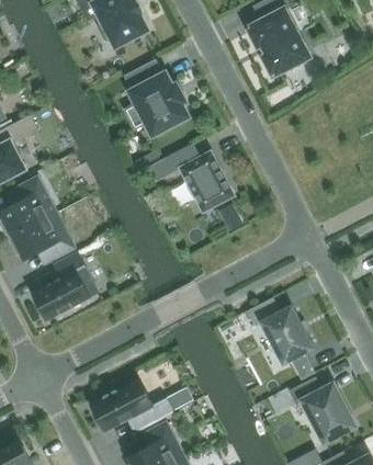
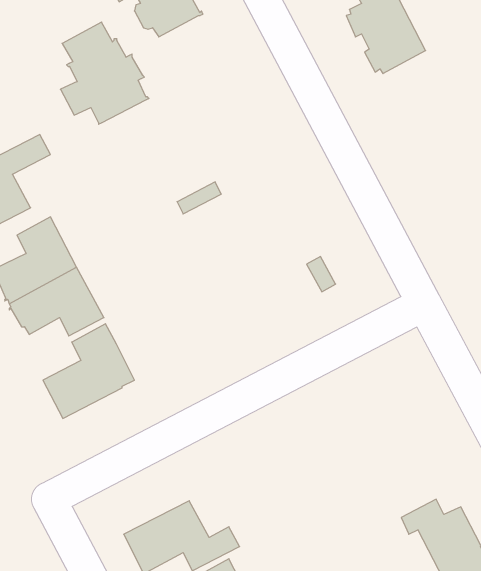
building: [125,63,189,136] -> [60,22,149,124]
building: [165,146,235,214] -> none
building: [247,299,315,366] -> none

